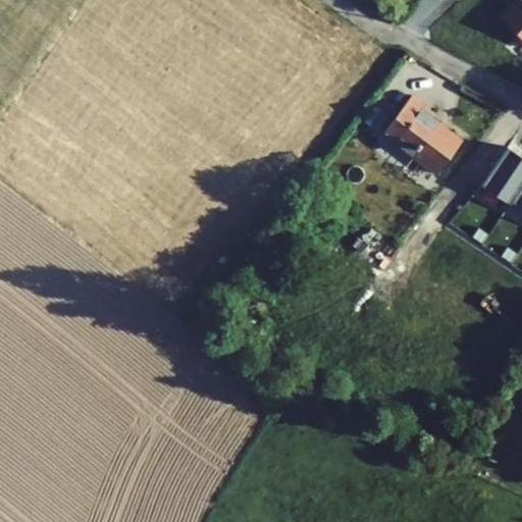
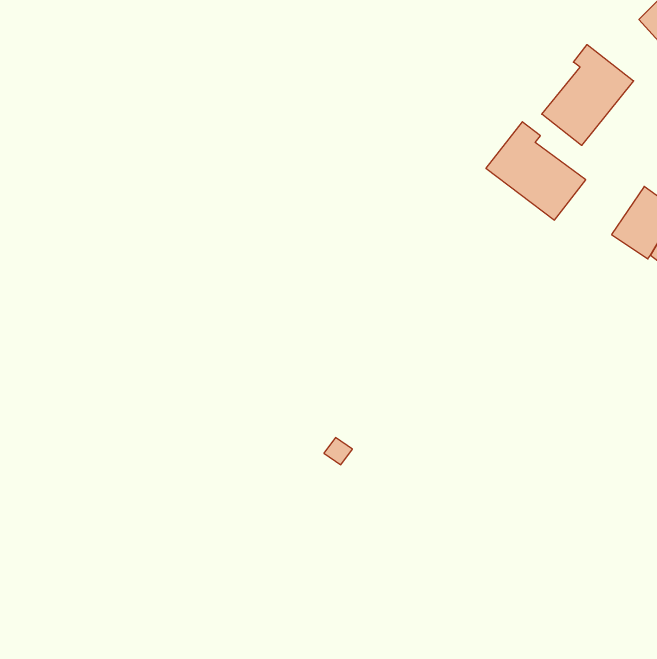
building: none -> [542,45,634,145]

